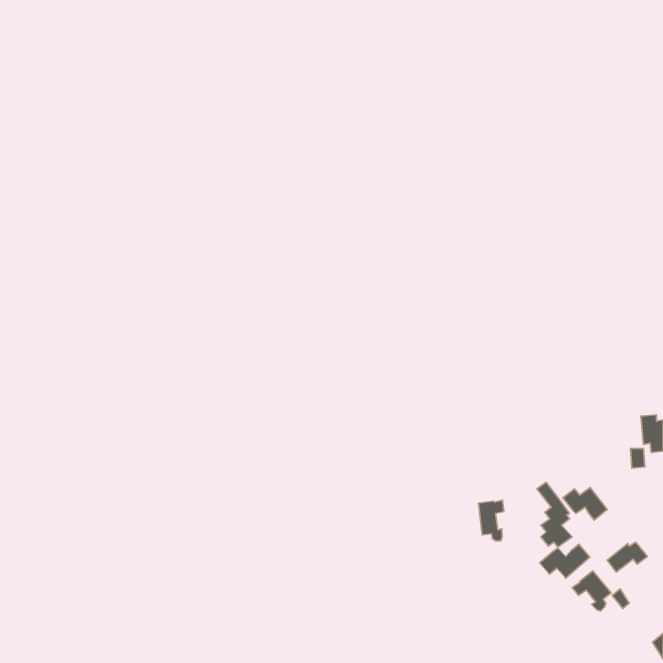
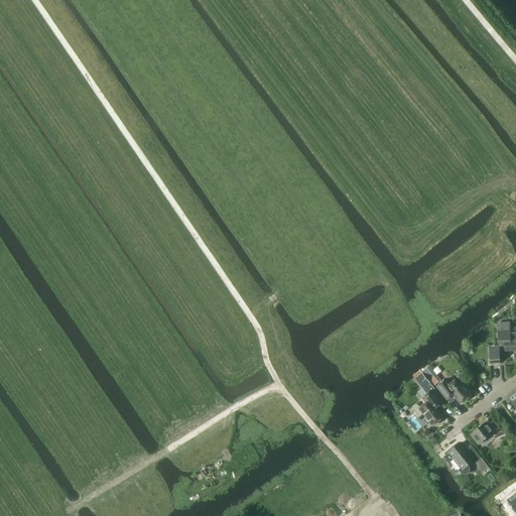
building: [479,500,504,541] -> none
building: [540,544,590,578] -> none

